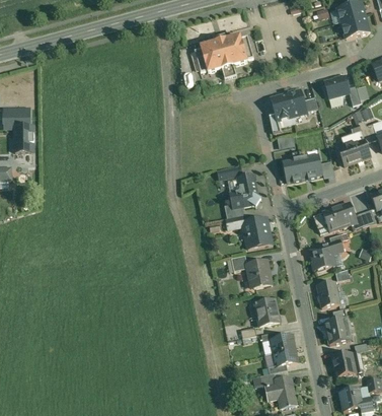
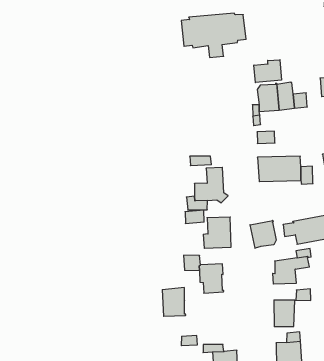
building: none -> [254,60,281,83]
building: none -> [250,220,276,248]
building: [255,298,280,327] -> [162,288,186,316]

